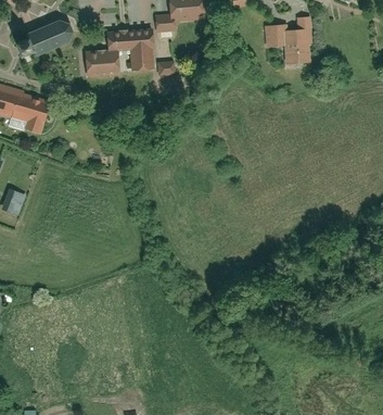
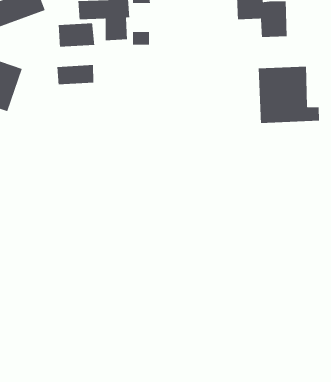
building: none -> [56,64,94,85]
building: none -> [258,66,320,124]

